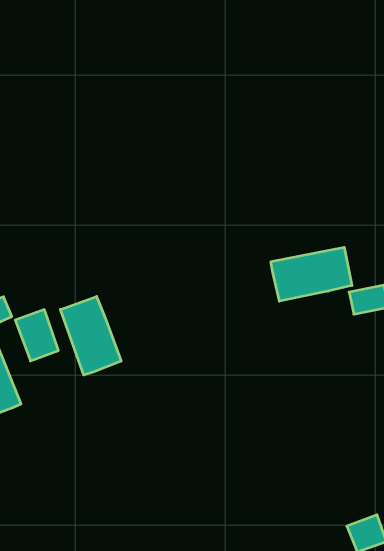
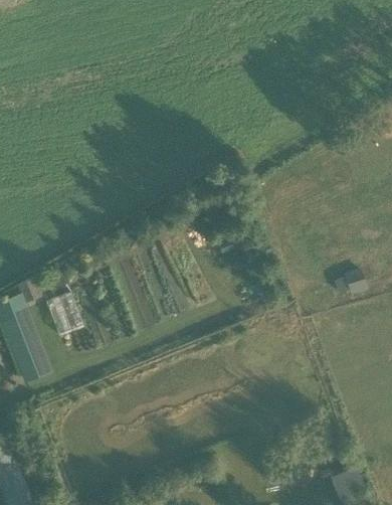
building: [271,247,352,301] -> none
building: [60,296,121,375] -> none

